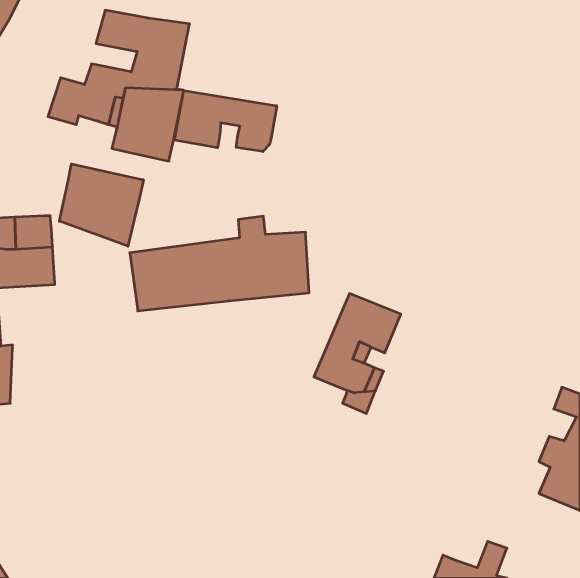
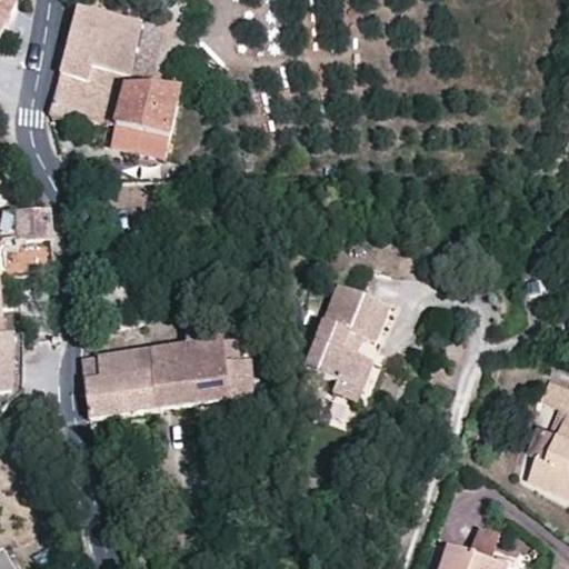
building: none -> [59,6,102,82]
building: [174,91,277,152] -> none
building: [59,164,143,246] -> none
building: [130,216,309,311] -> [79,323,253,416]

